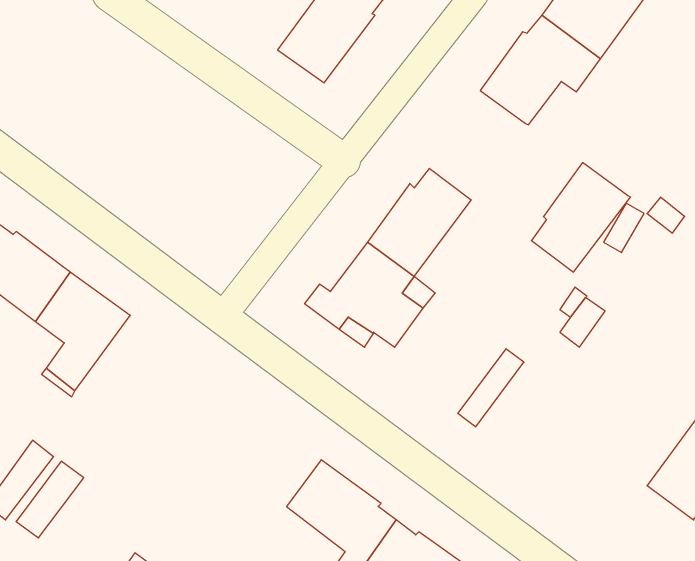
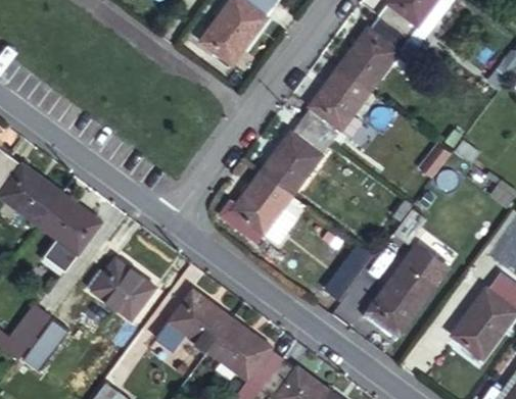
building: [531,163,631,272] -> [303,66,371,141]
building: none -> [364,249,448,338]
building: none -> [91,257,153,317]
building: none -> [154,288,230,351]

